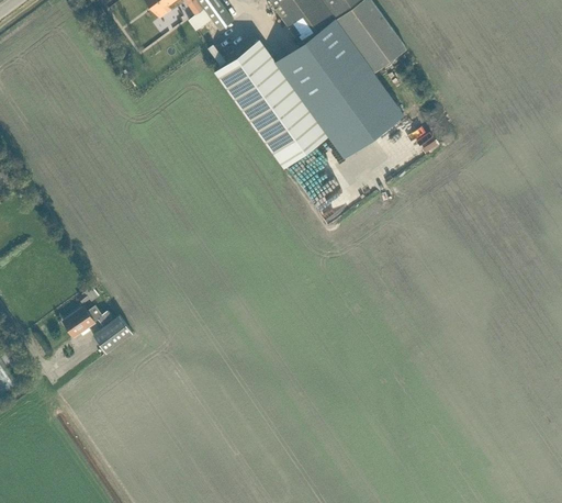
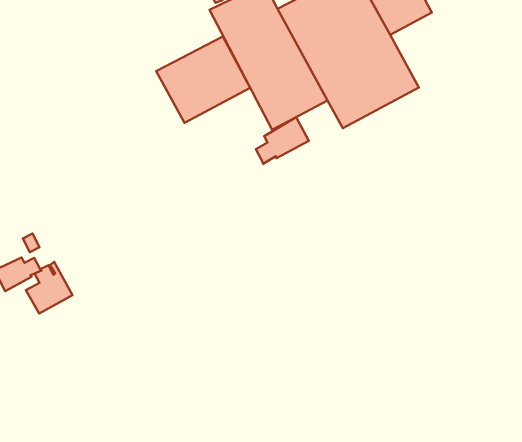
building: none -> [156,37,250,123]
building: none -> [256,117,309,164]

